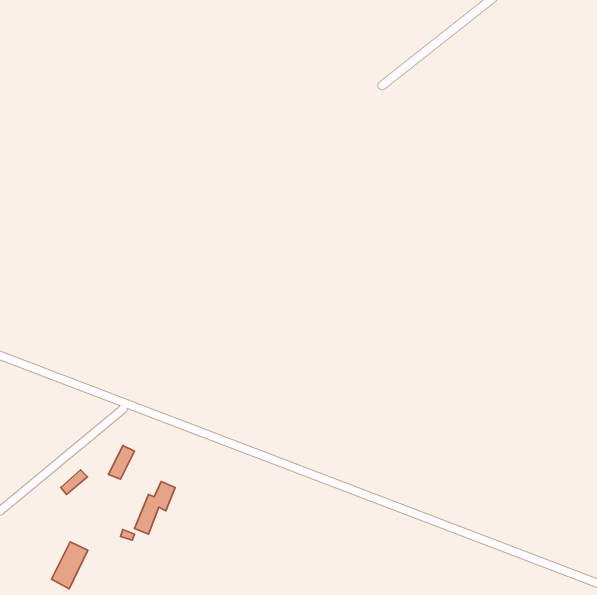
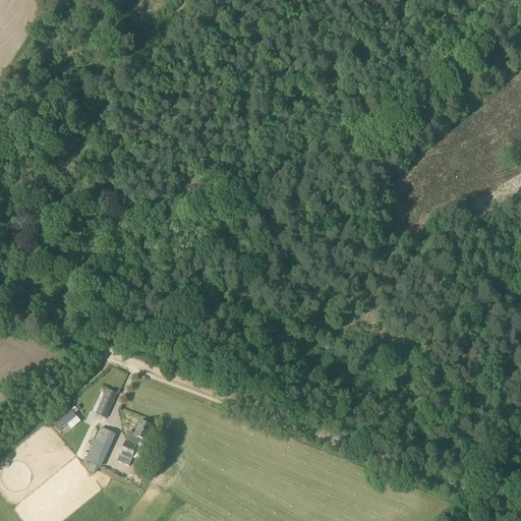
building: [52,542,88,589] -> [84,426,116,467]

